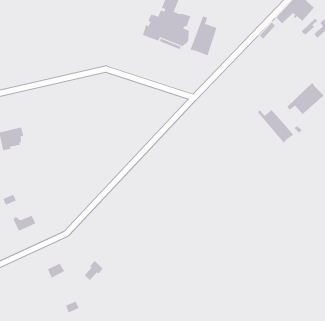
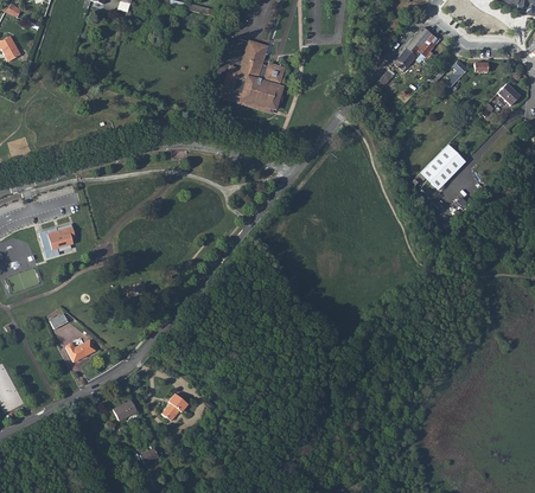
building: [190,16,217,56] -> none
building: [257,109,294,144] -> none

